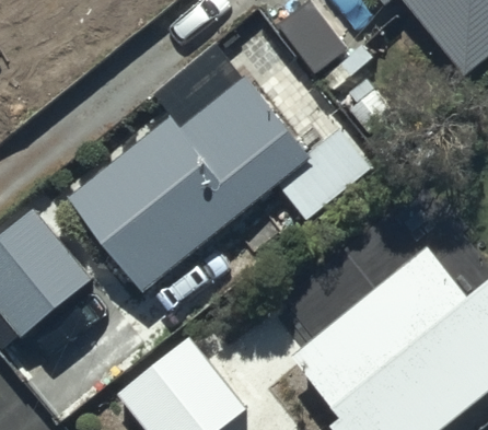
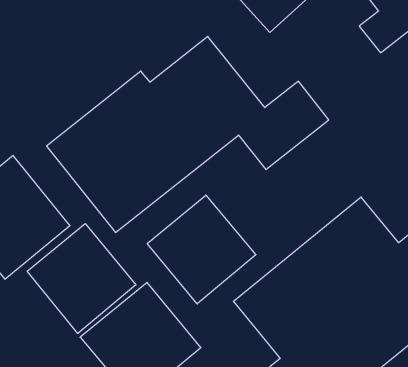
building: none -> [147,195,256,304]
building: none -> [27,224,136,334]

